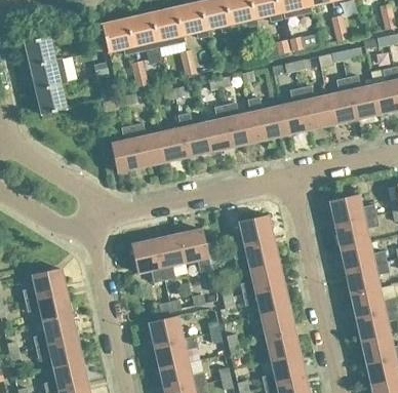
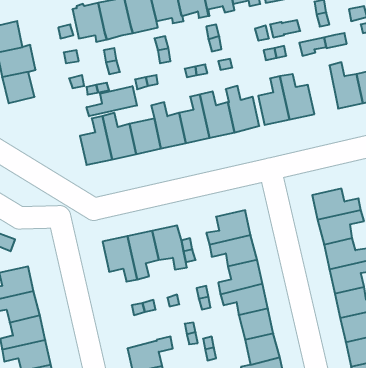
building: [325,77,354,123] -> none
building: none -> [87,86,137,116]
building: [149,315,182,346] -> none

